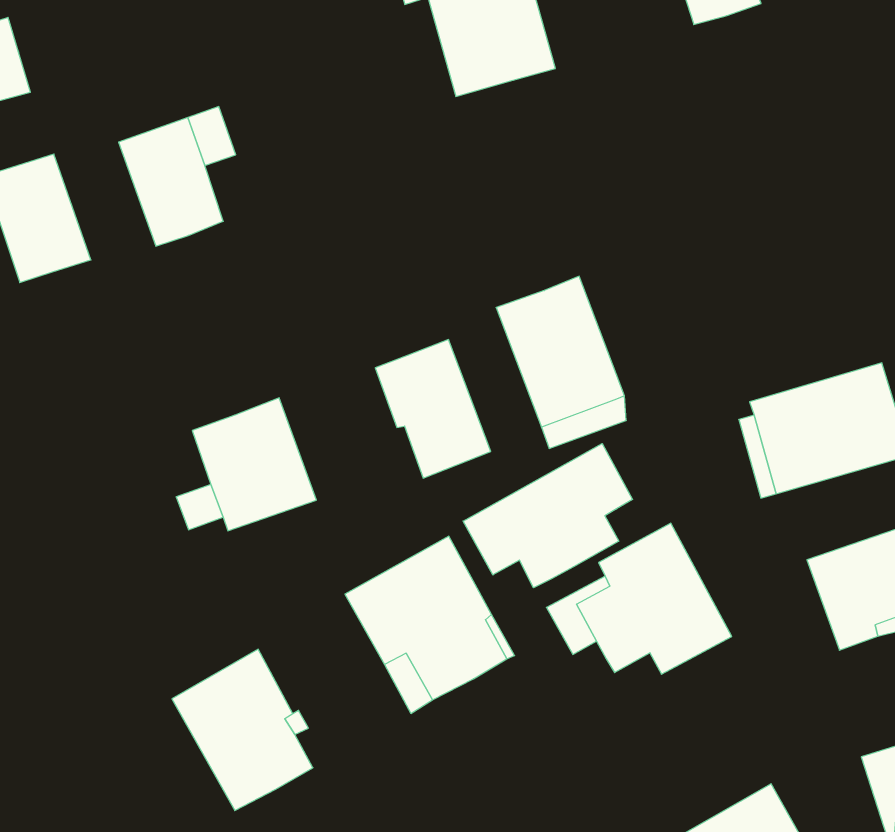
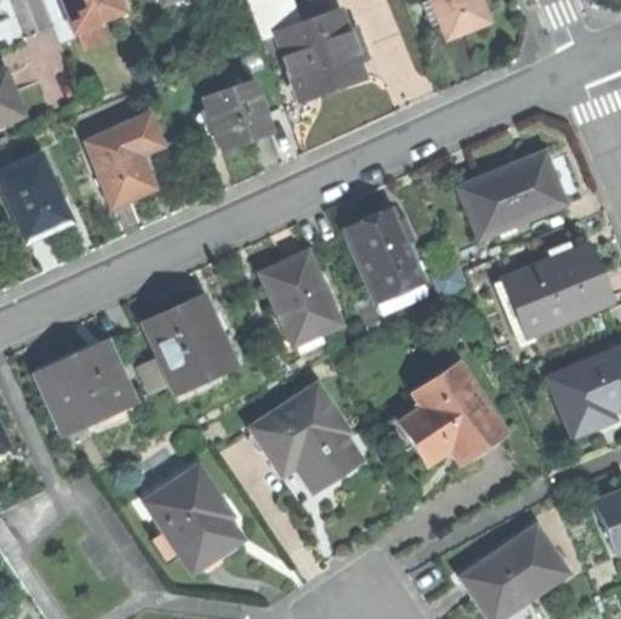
building: none -> [205,79,273,149]
building: none -> [458,161,565,240]
building: [463,444,633,588] -> none
building: none -> [36,343,131,433]

